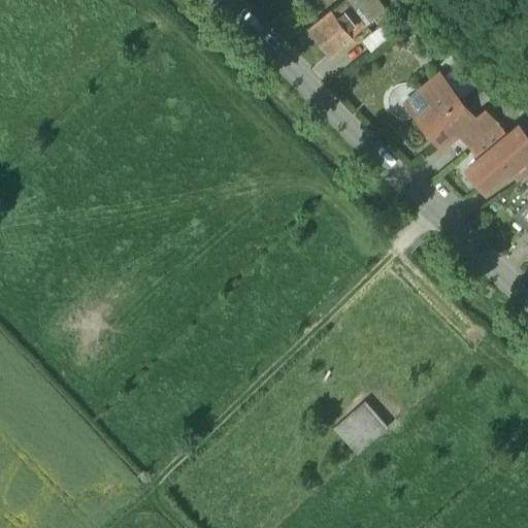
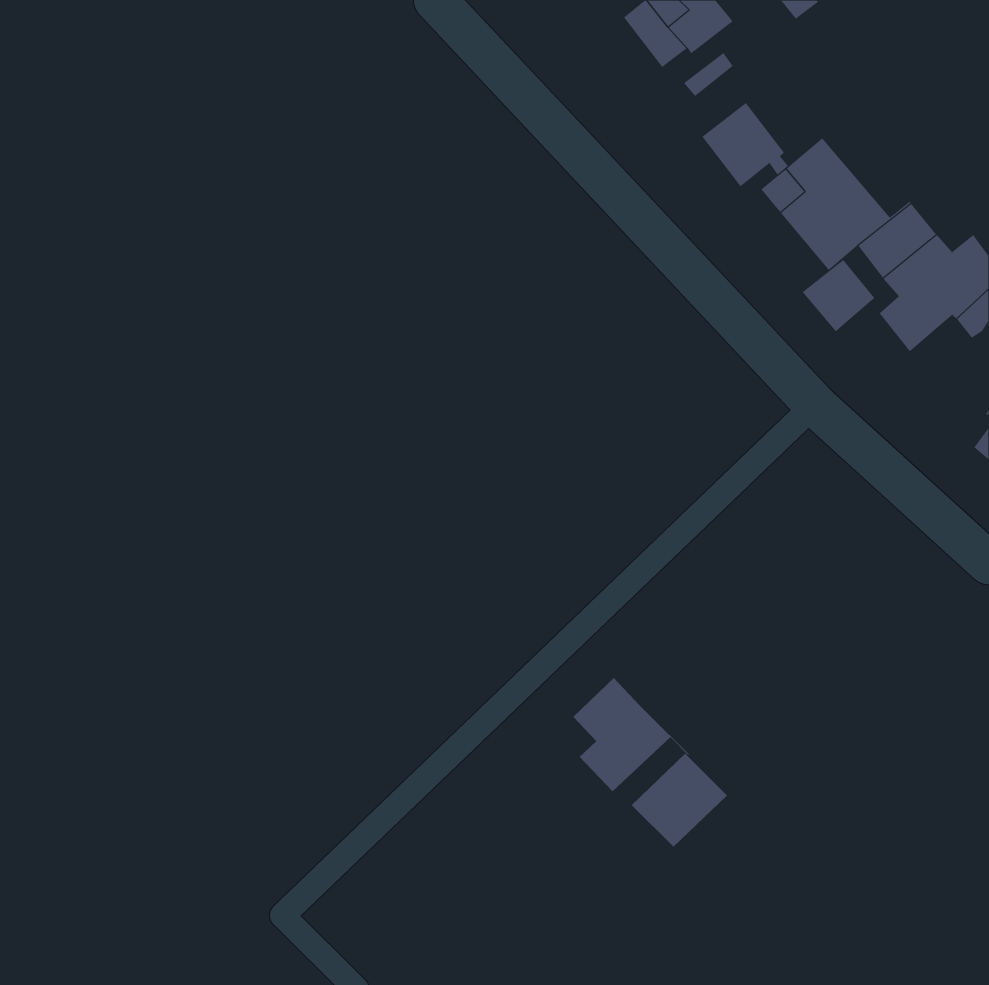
building: [308,11,355,57] -> [702,102,789,187]
building: none -> [802,259,875,332]
building: none -> [572,677,690,792]

